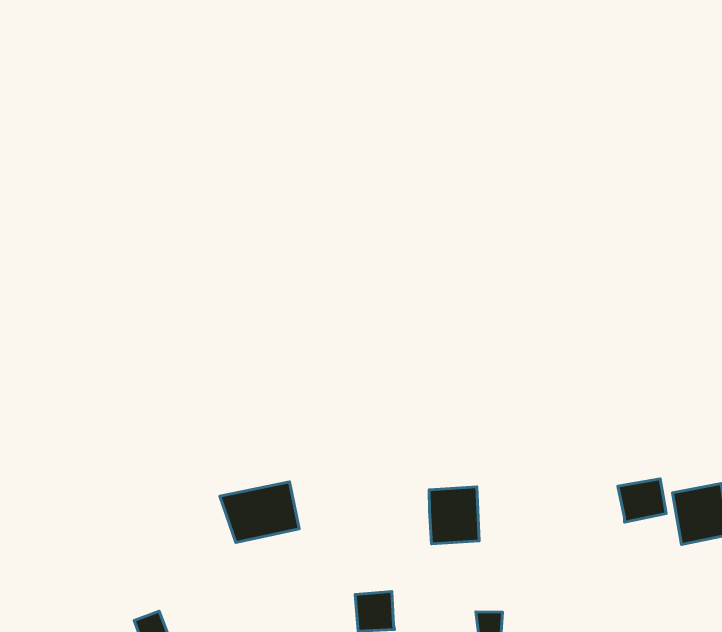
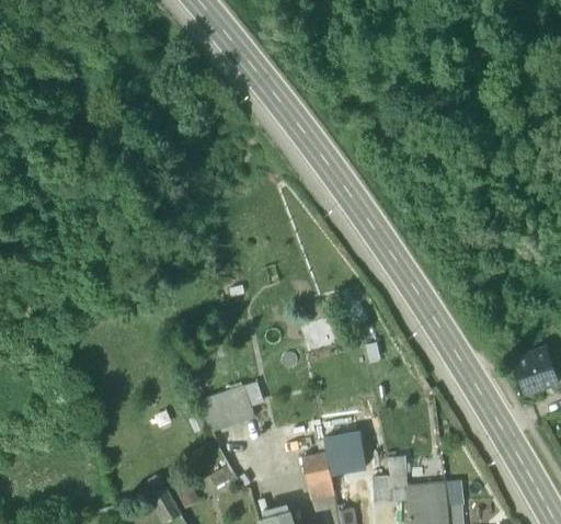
building: [618,479,666,522] -> none
building: [429,487,479,544] -> [324,432,364,476]

